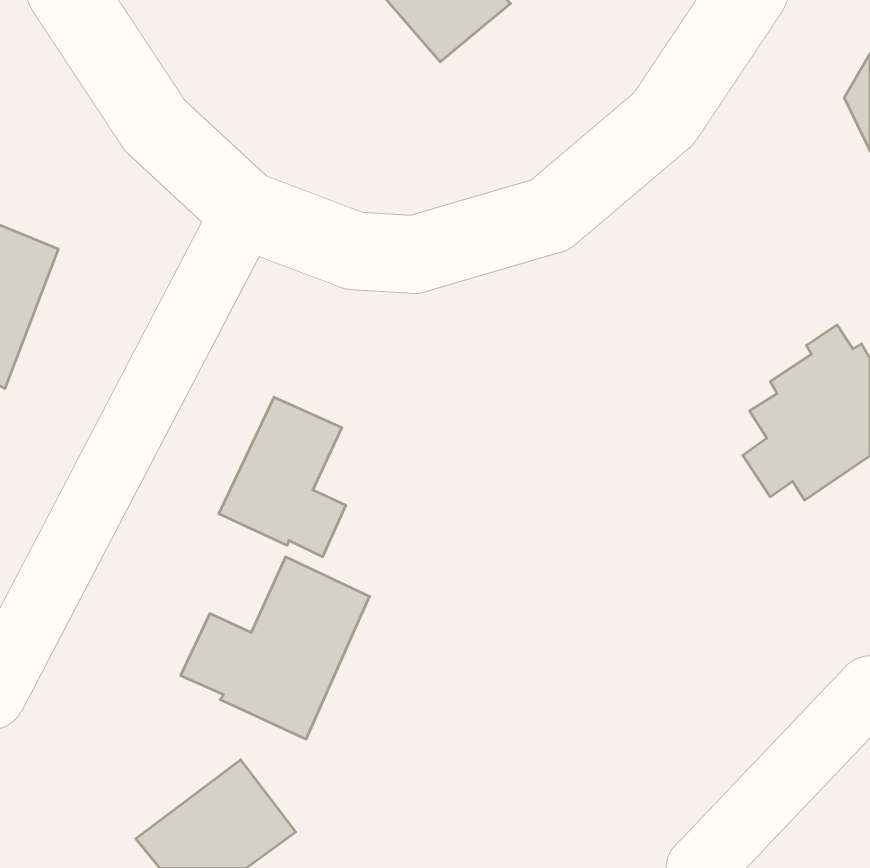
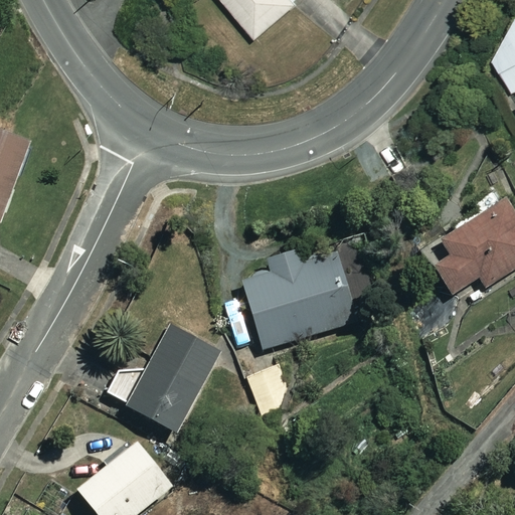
building: [219,397,346,557] -> none
building: none -> [242,247,355,344]

